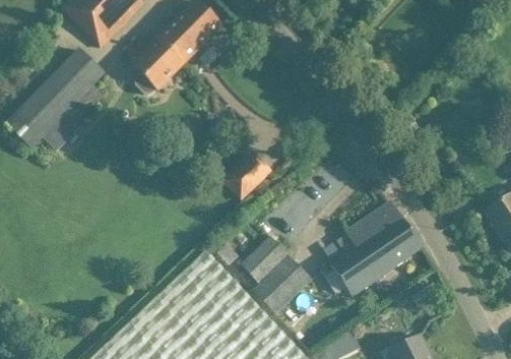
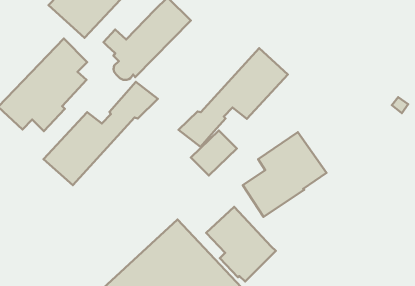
building: none -> [179,48,288,147]
building: none -> [44,82,158,185]
building: [328,201,423,297] -> [243,132,327,217]

